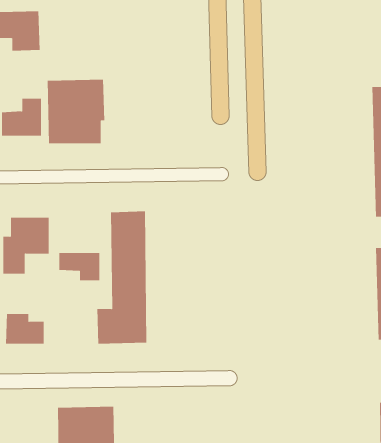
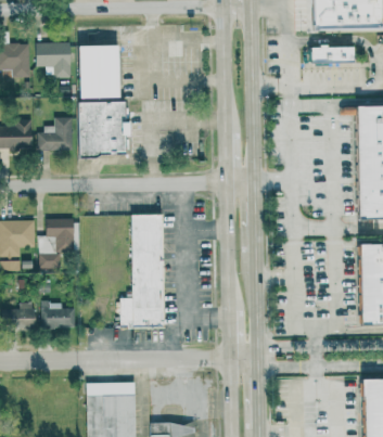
building: none -> [79,46,119,99]
building: none -> [310,46,354,65]
building: [59,252,100,281] -> none

